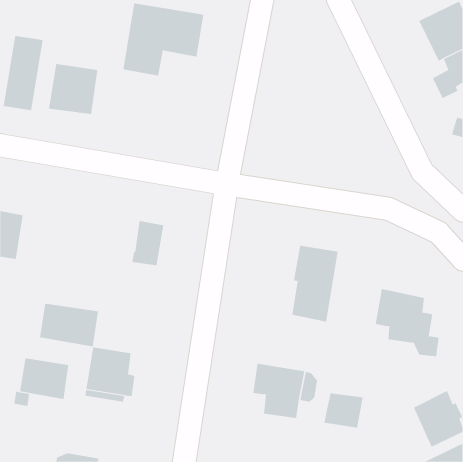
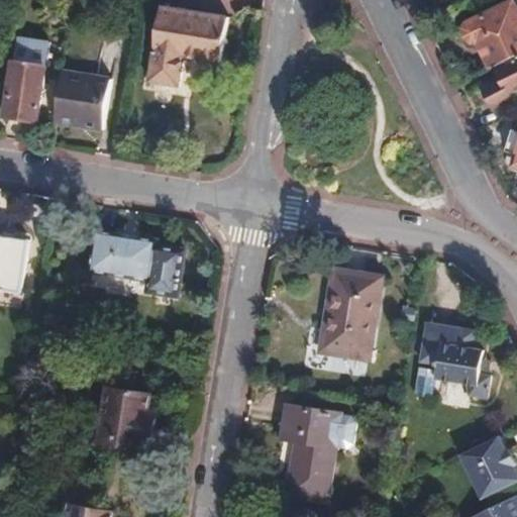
building: [39,303,99,347] -> [89,231,156,280]
building: [19,358,69,400] -> none
building: [323,393,363,428] -> [286,460,330,500]

